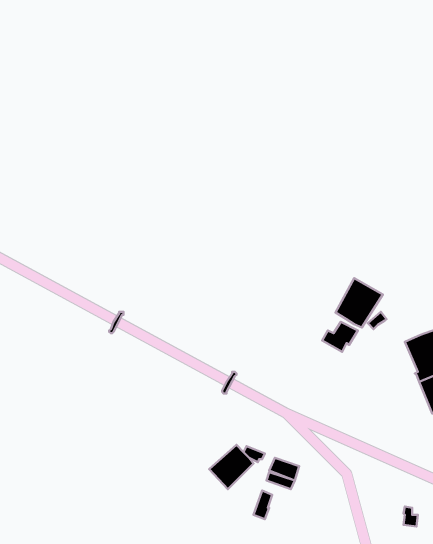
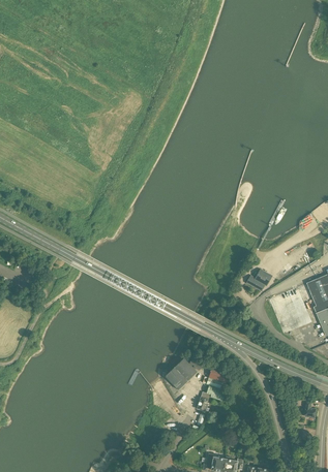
building: [336,278,383,328] -> none

